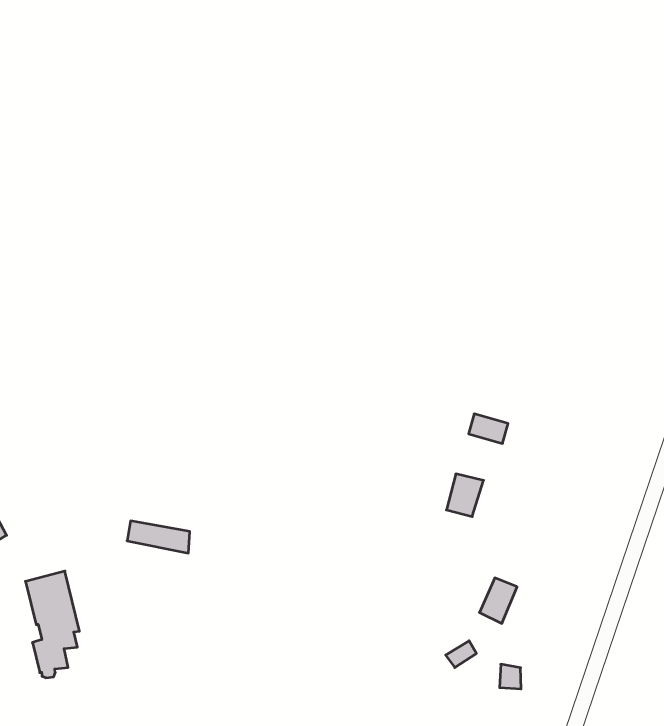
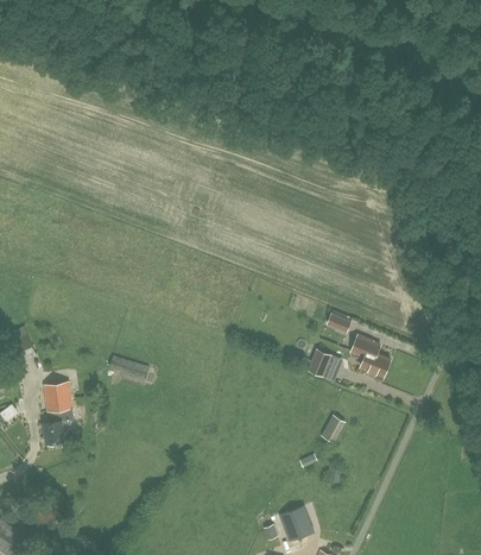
building: none -> [352,334,391,376]

